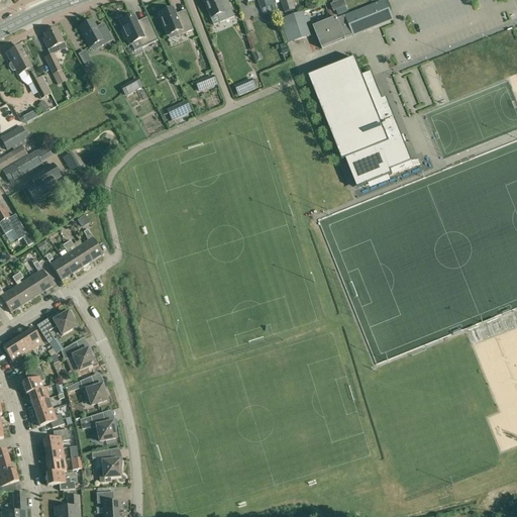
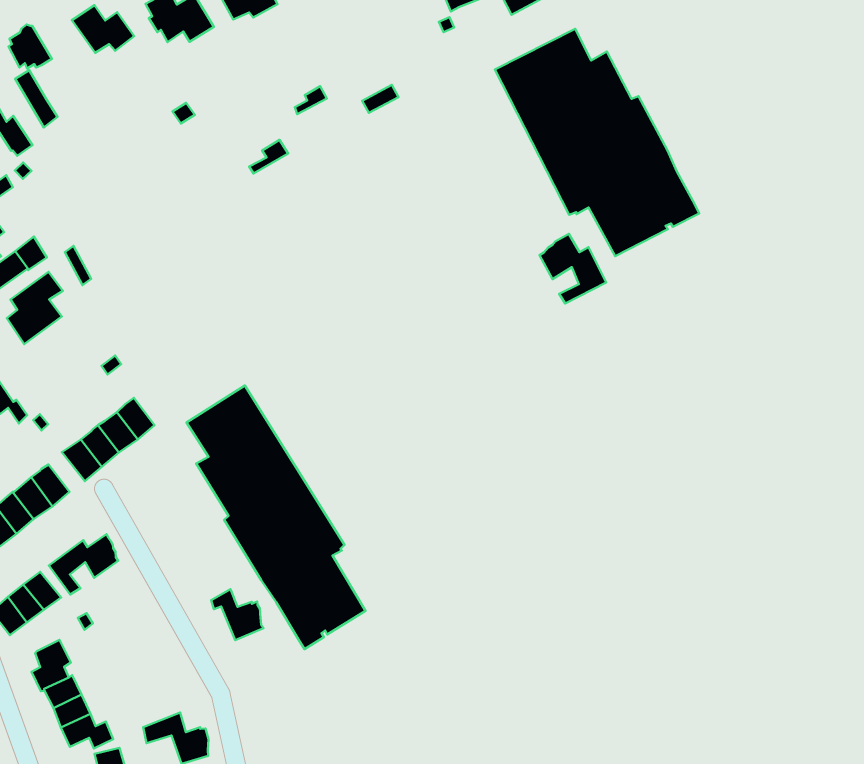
building: none -> [539,234,606,303]
building: none -> [187,385,366,649]
building: [61,340,94,370] -> none
building: [80,376,107,404] -> [211,589,263,640]

